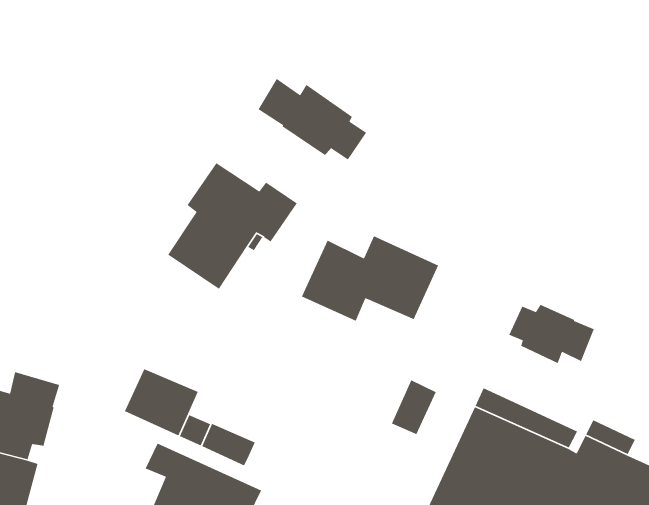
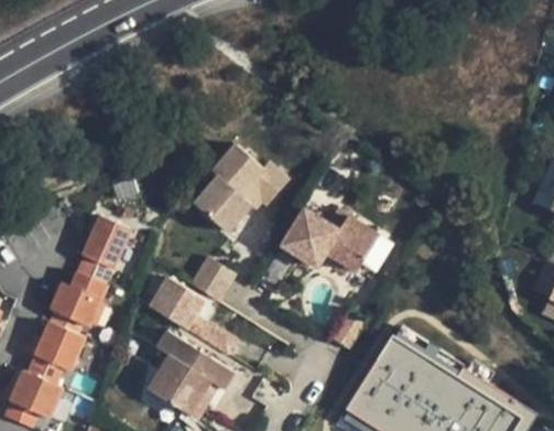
building: [257,78,367,160] -> none
building: none -> [79,215,132,282]
building: [508,304,595,364] -> none
building: none -> [189,257,233,301]

